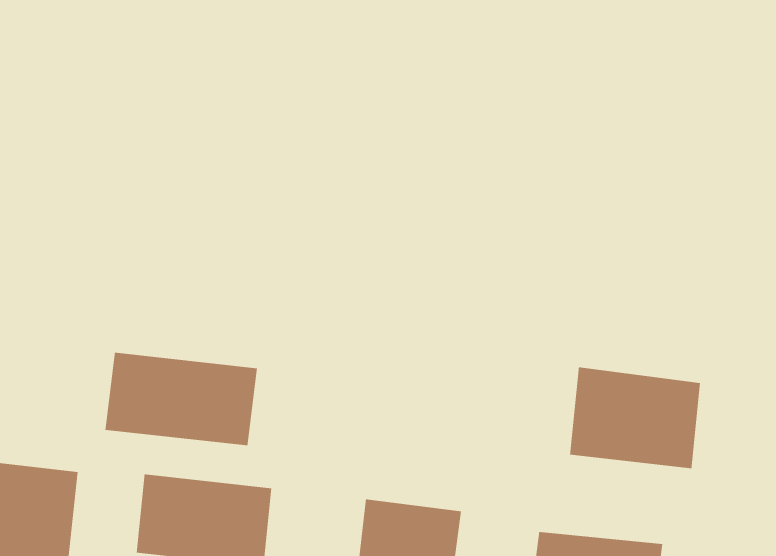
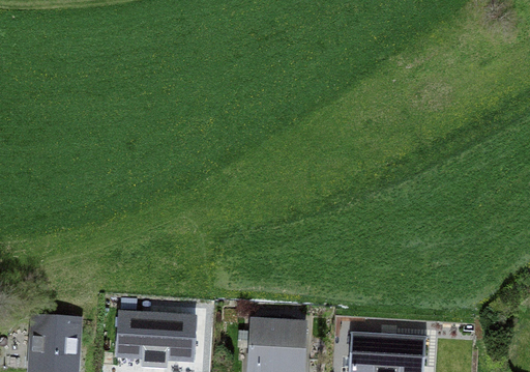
building: [105,352,257,446] -> none
building: [569,367,700,469] -> none

